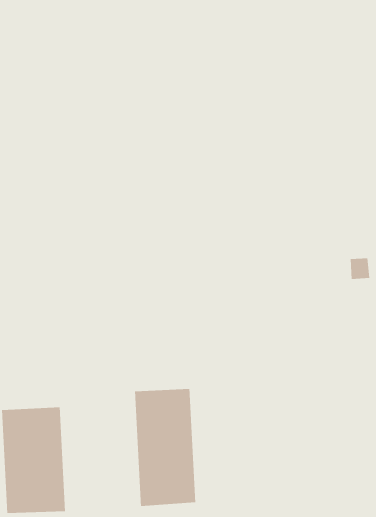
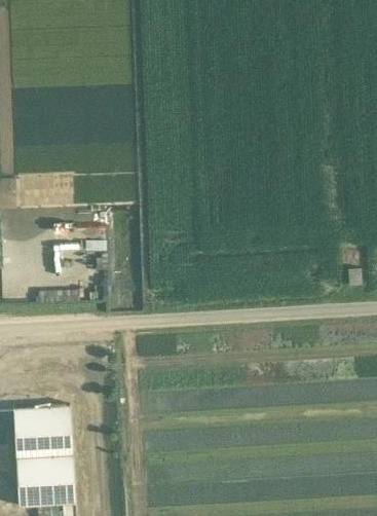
building: [134,388,196,507] -> none

